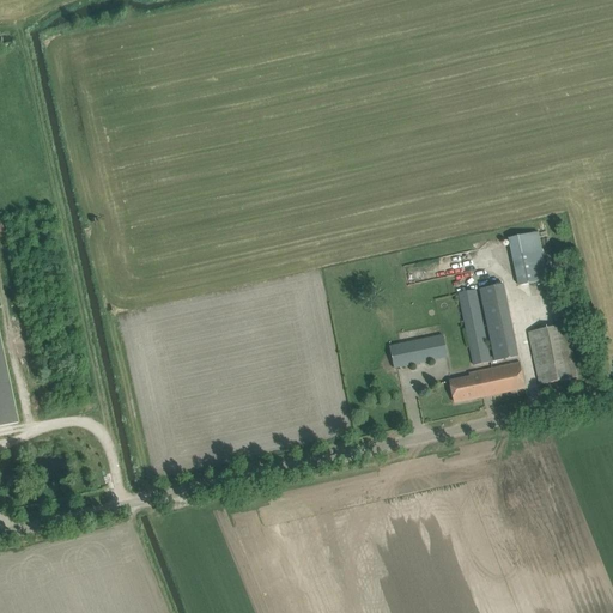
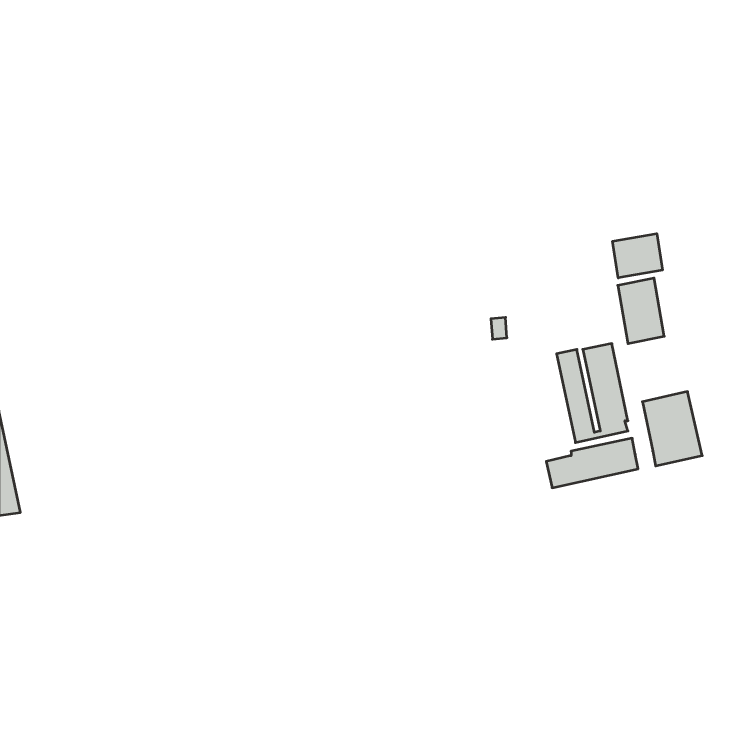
building: none -> [613,234,662,278]
building: [388,333,447,365] -> none

